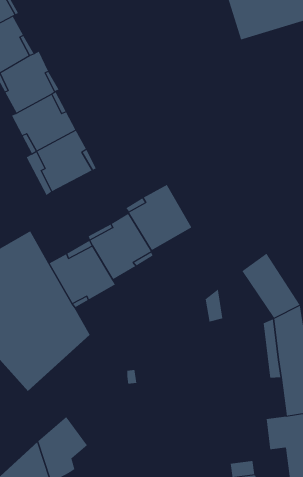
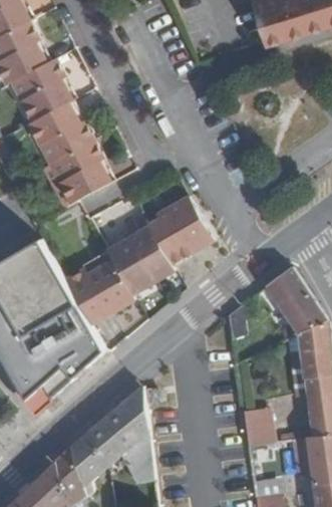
building: none -> [84,385,154,483]
building: none -> [243,407,275,446]

